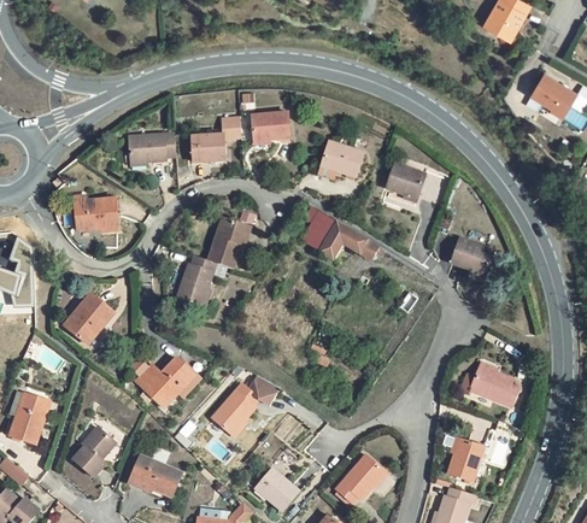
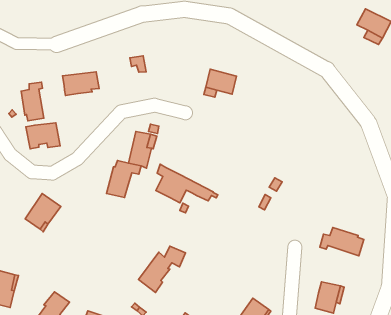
building: [251,112,289,141] -> none
building: [190,134,225,163] -> none
building: none -> [21,82,44,121]
building: [386,164,424,202] -> none
building: [301,206,385,260] -> [156,164,218,203]
building: [450,237,494,275] -> none
building: [135,357,200,407] -> none

